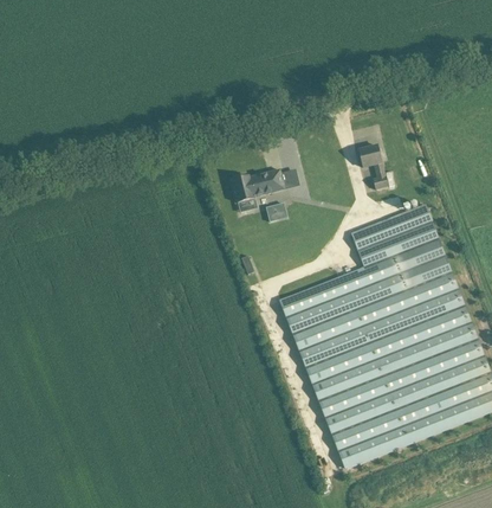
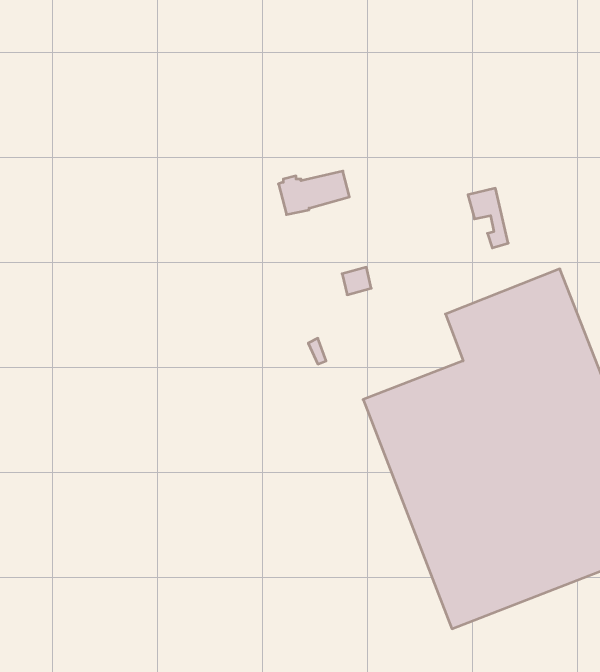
building: [232,169,284,201] -> [278,171,349,215]

